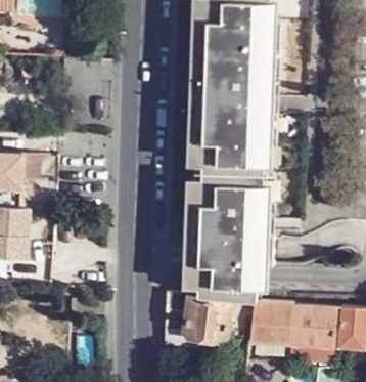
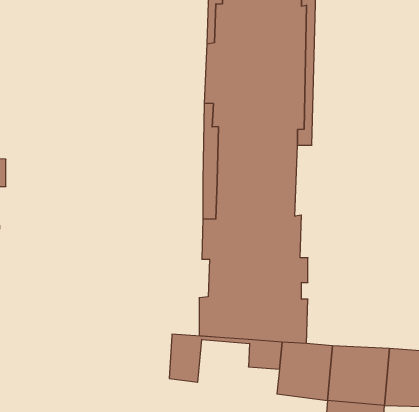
building: [186,298,227,342] -> none

